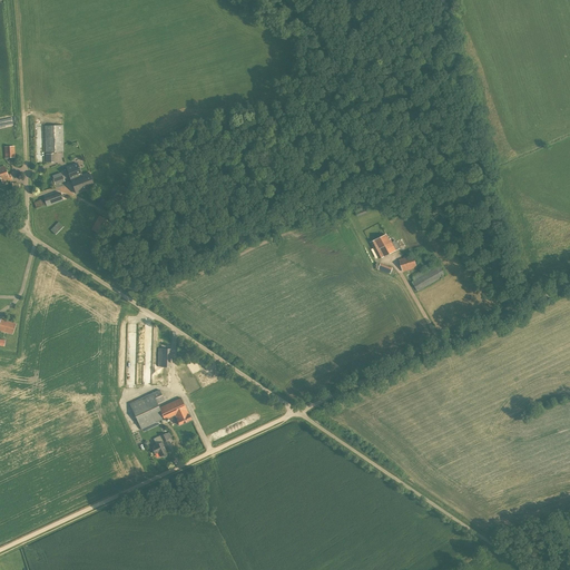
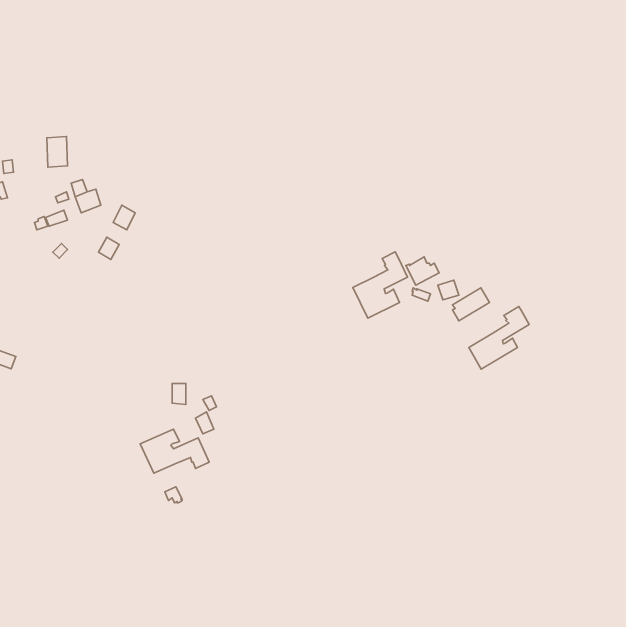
building: none -> [353,252,408,318]
building: none -> [469,307,529,369]

